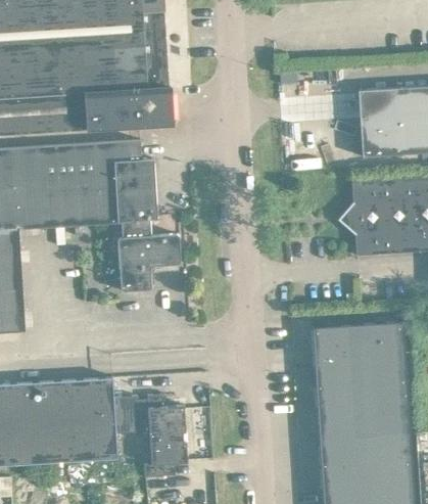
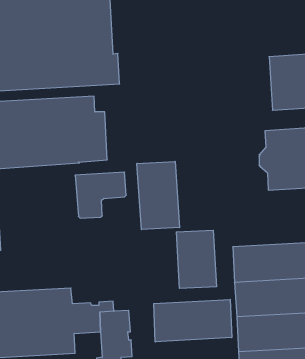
building: none -> [137,161,180,230]
building: none -> [176,230,216,288]
building: none -> [154,299,232,342]

